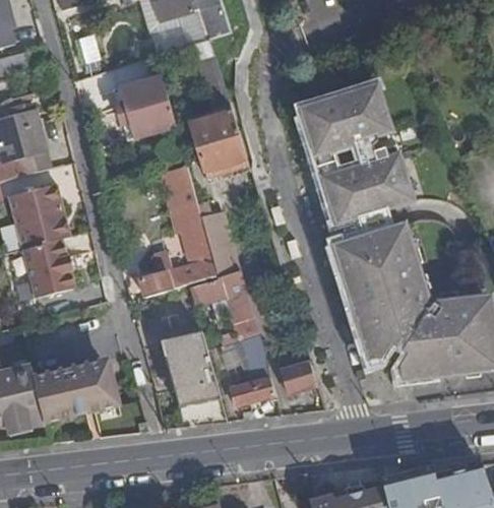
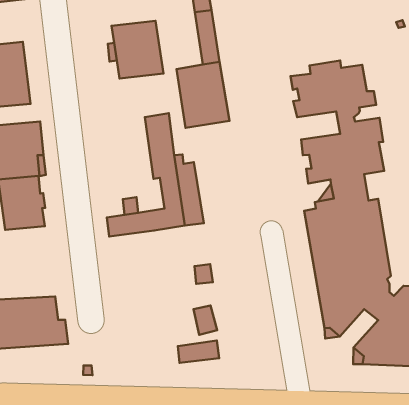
building: [187,264,244,306] -> none
building: [162,328,219,407] -> none
building: [275,362,316,395] -> none

